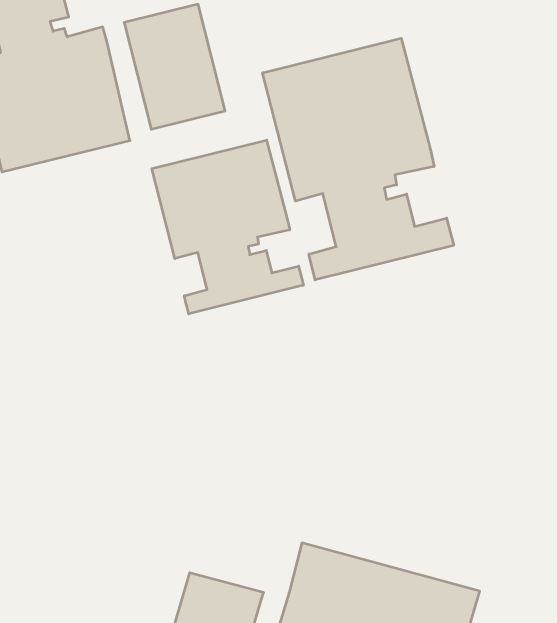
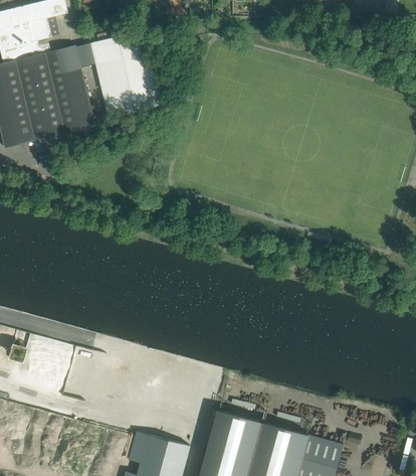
building: [263,38,454,280] -> none
building: [152,140,303,314] -> none

